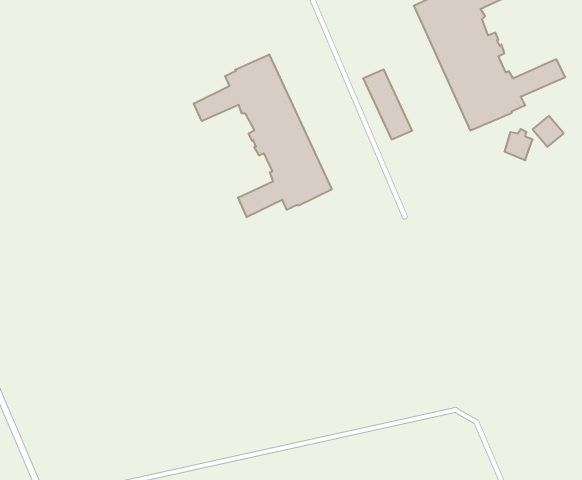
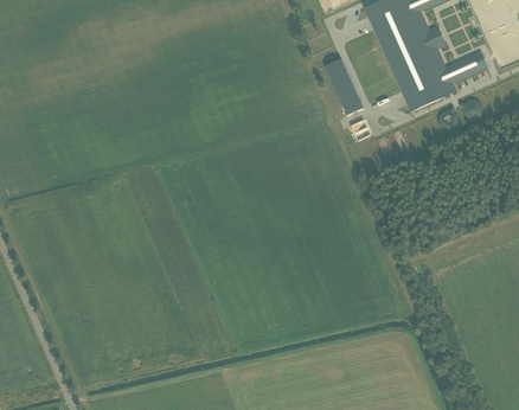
building: [194,54,332,217] -> none

